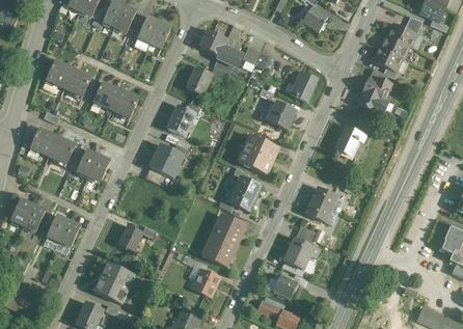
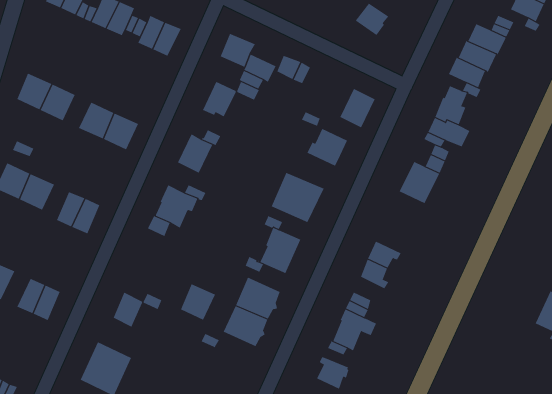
building: [192,268,219,296] -> [180,283,216,321]

